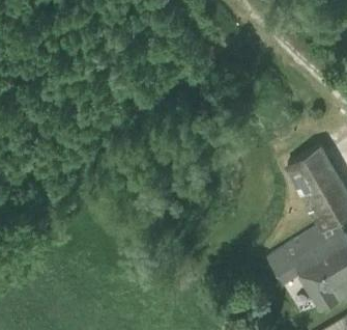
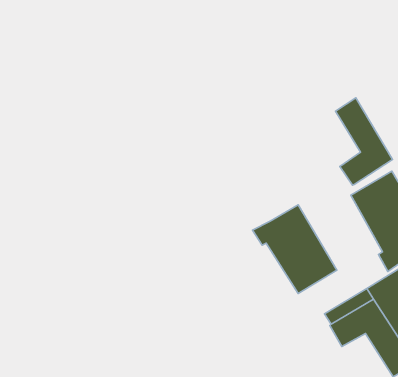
building: none -> [336,98,392,185]
building: none -> [252,205,337,294]

